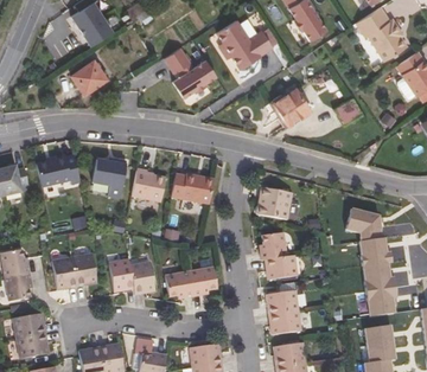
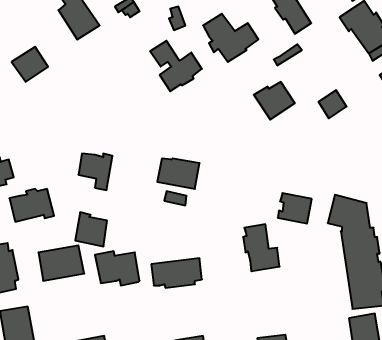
building: [71,59,108,95] -> [12,47,48,82]
building: [36,156,81,190] -> [9,189,54,222]
building: [133,167,165,201] -> [75,212,107,246]
building: [256,186,291,217] -> [278,193,312,224]
building: [265,290,300,334] -> none

